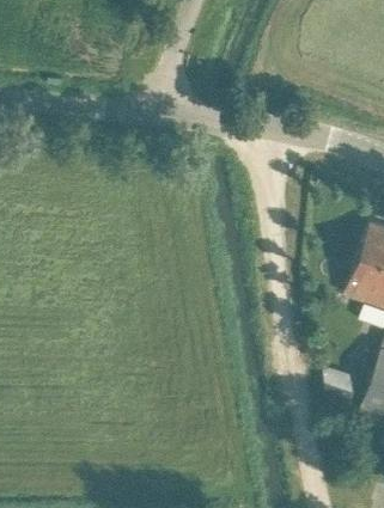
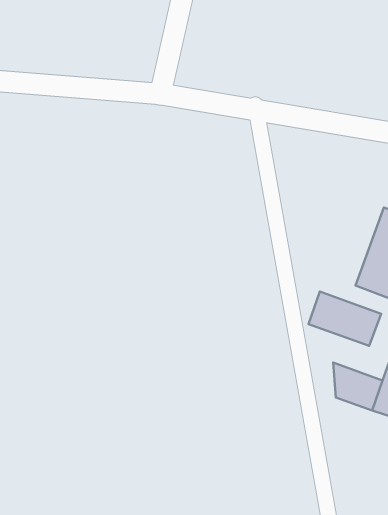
building: none -> [309,292,381,346]

